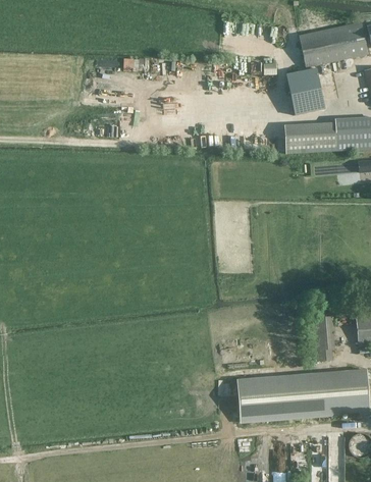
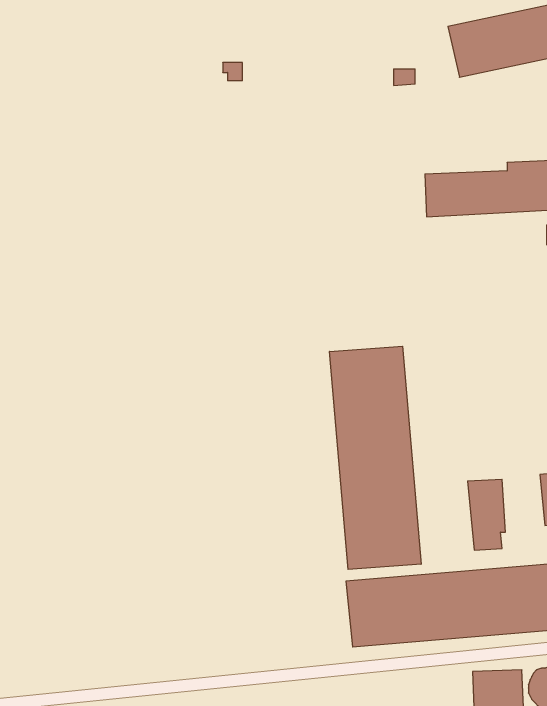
building: [286,67,324,114] -> none
building: none -> [330,346,421,569]

